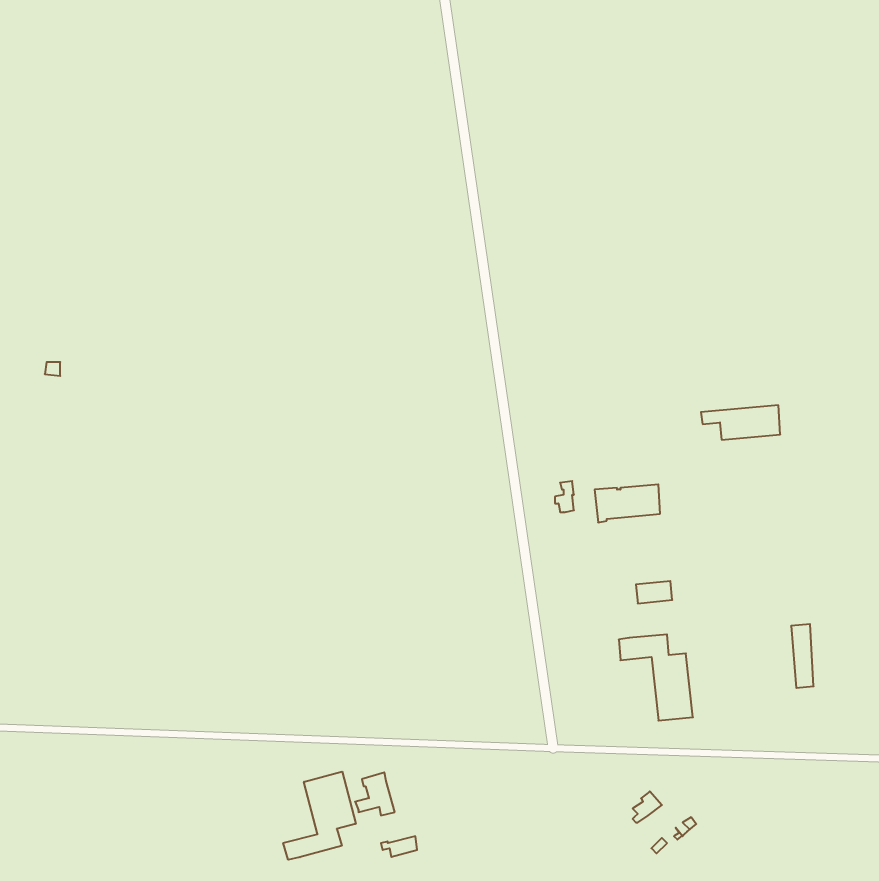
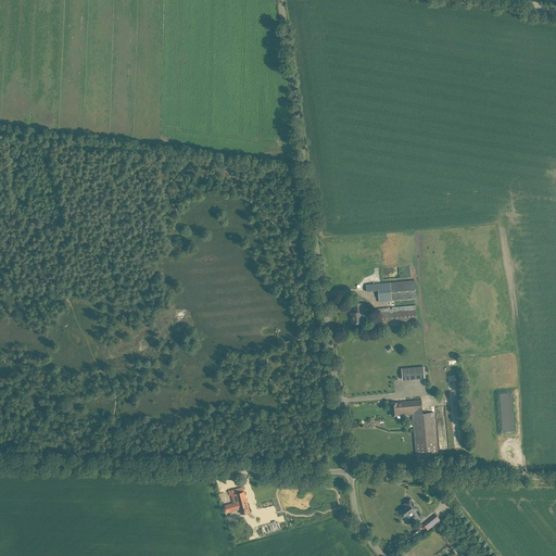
building: [701,405,780,440] -> [365,280,415,302]
building: [283,772,356,860] -> none

